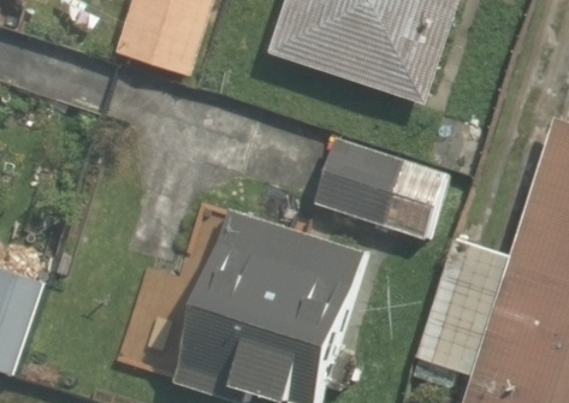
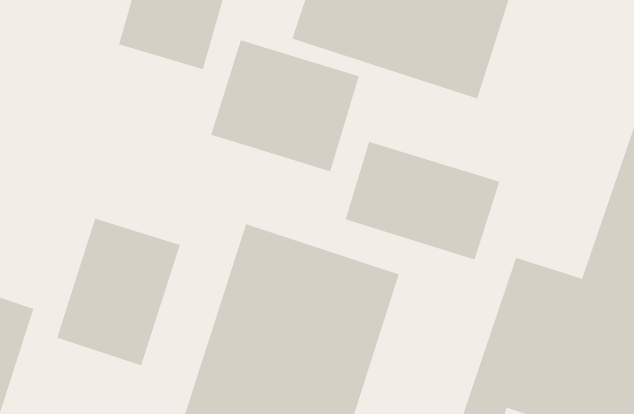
building: none -> [211,40,359,172]
building: none -> [56,218,181,366]

